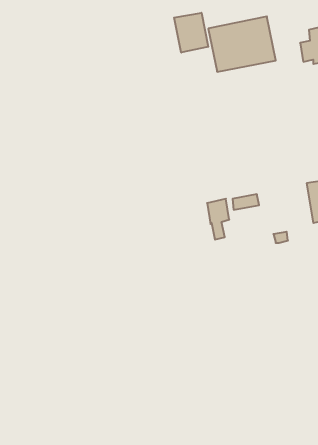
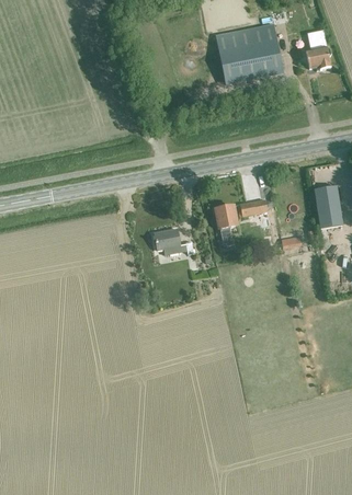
building: [174,13,208,53] -> none
building: none -> [154,228,193,253]

